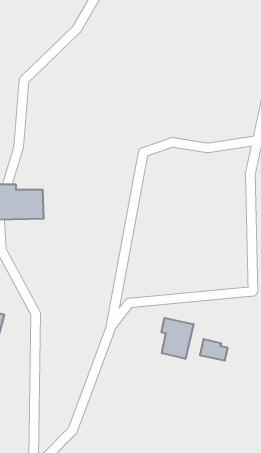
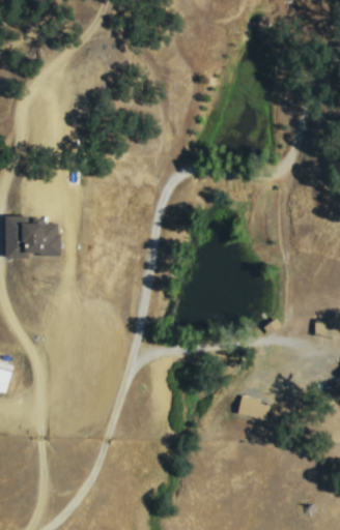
building: [162,318,194,359] -> none

